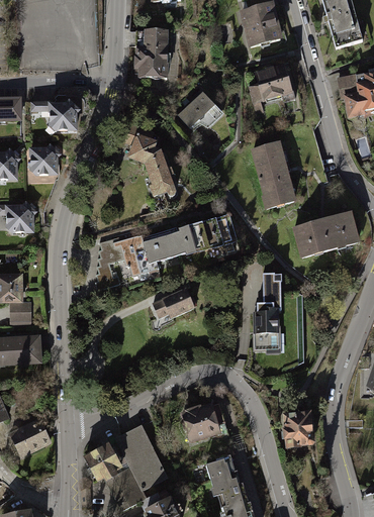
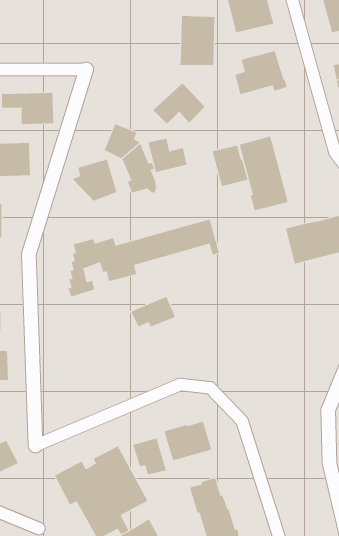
building: [132,33,165,79] -> [180,16,215,65]
building: none -> [148,138,187,173]
building: none -> [212,145,248,187]
building: none -> [72,159,117,201]
building: [254,272,280,347] -> none
building: [283,411,311,445] -> none
building: none -> [132,437,166,475]

